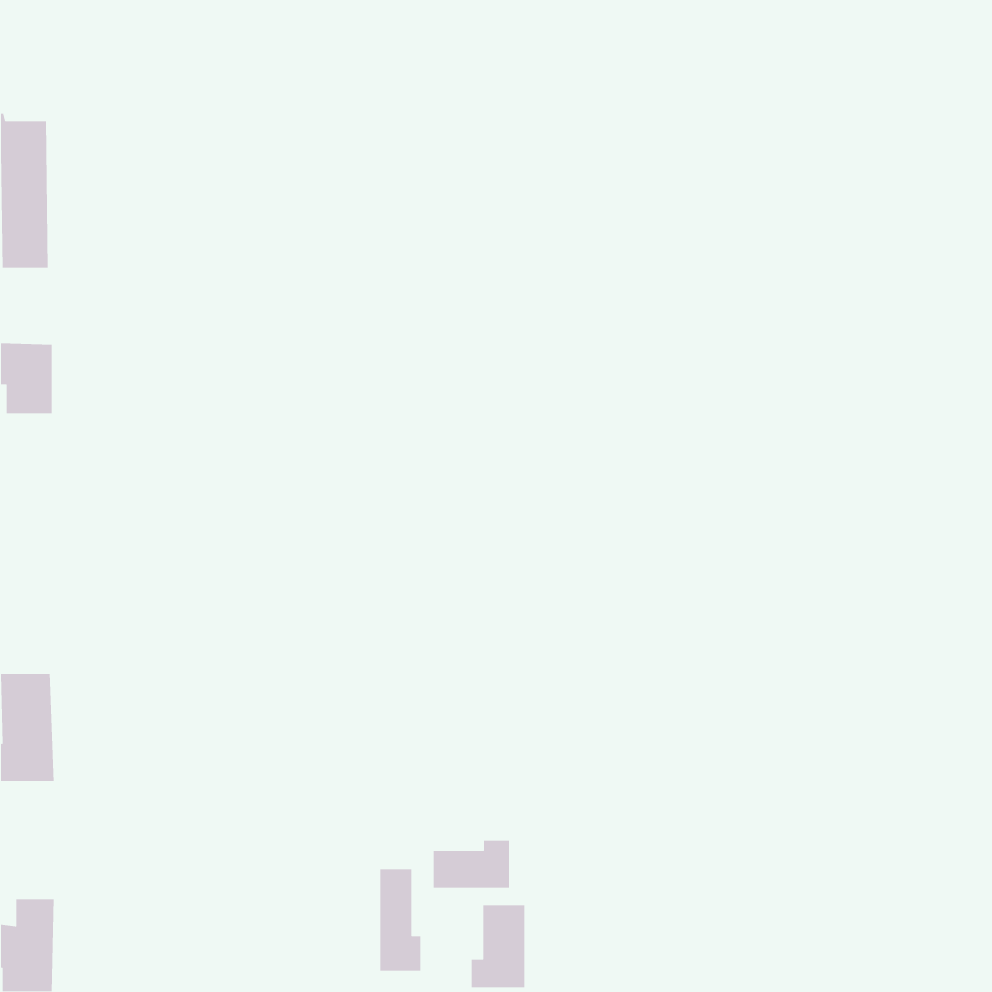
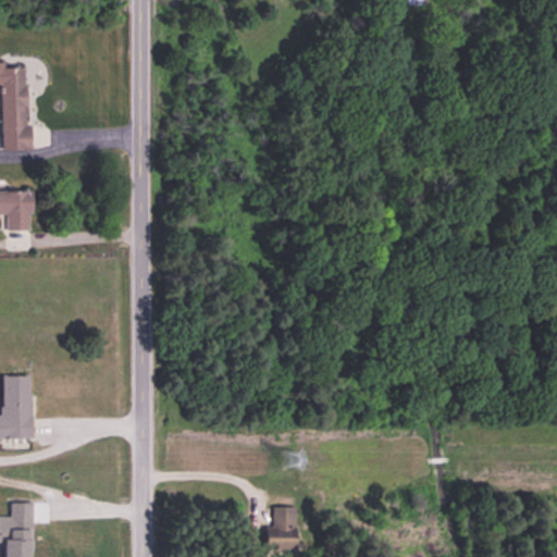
building: [433,840,510,888] -> none
building: [379,868,421,972] -> none

